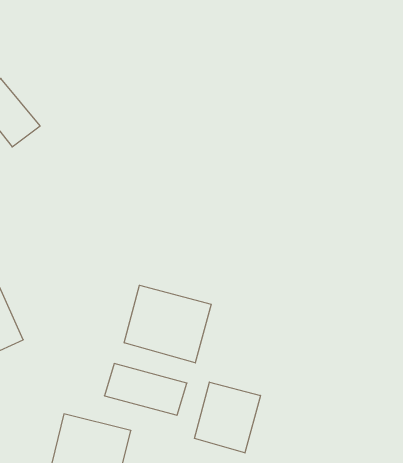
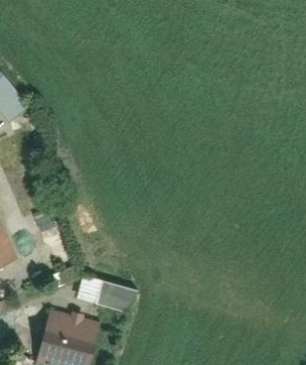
building: [124,285,211,363] -> none
building: [194,382,260,453] -> none

